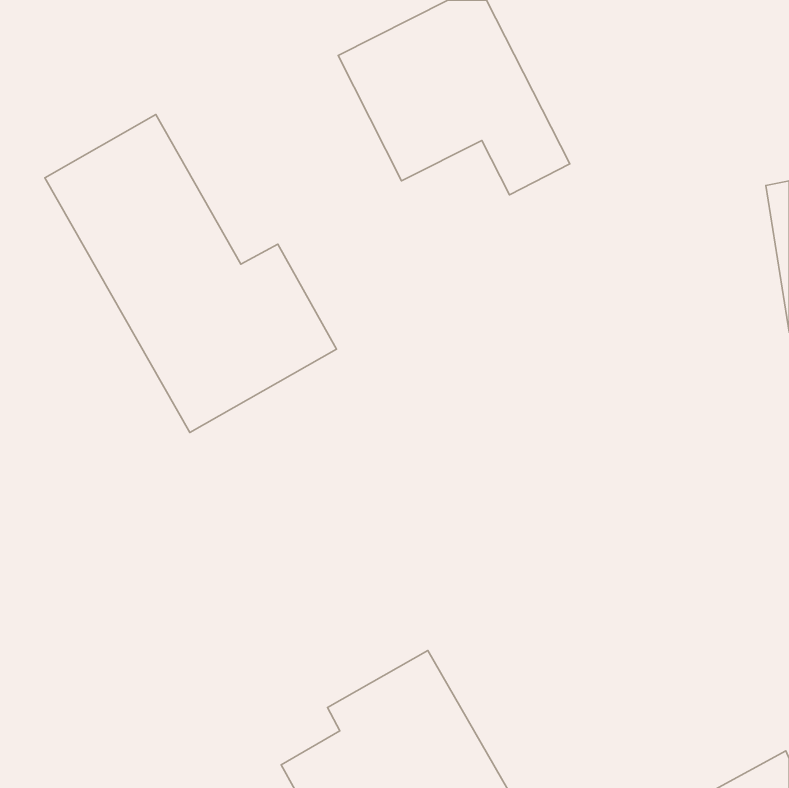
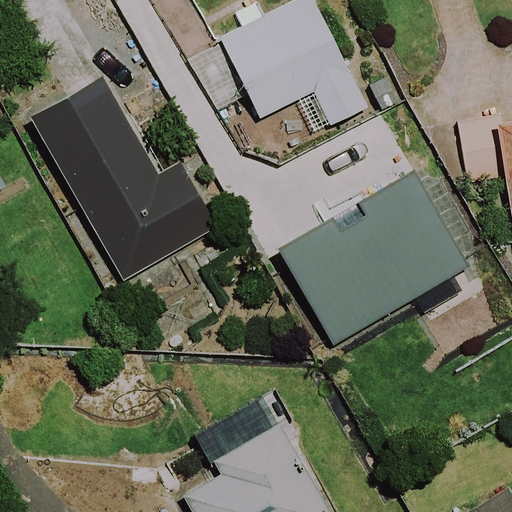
building: none -> [277,169,469,344]

